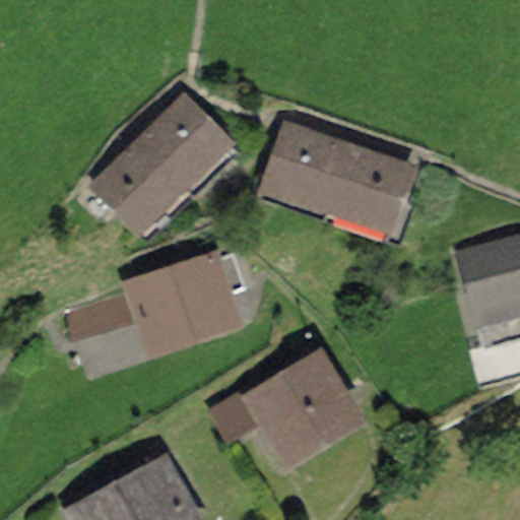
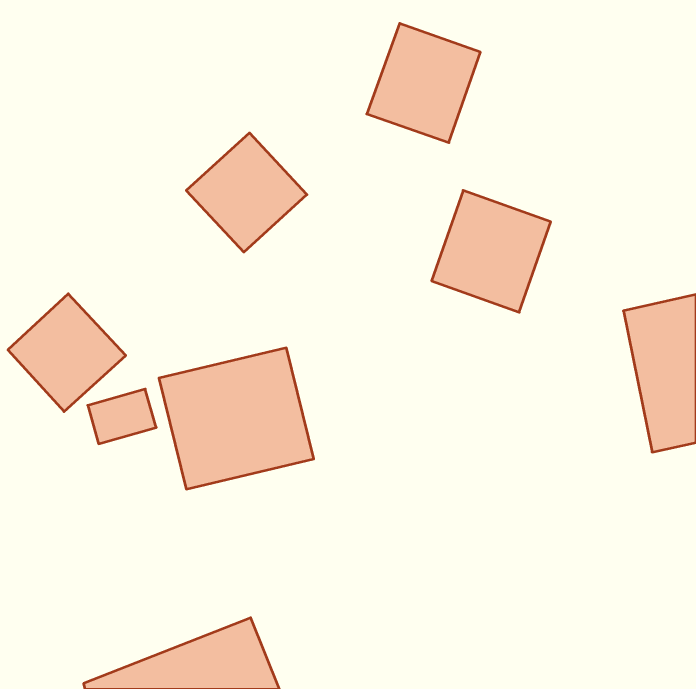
building: [259,120,343,208] -> [367,23,480,143]
building: [93,141,181,229] -> [8,294,126,412]
building: [238,364,364,486] -> none

